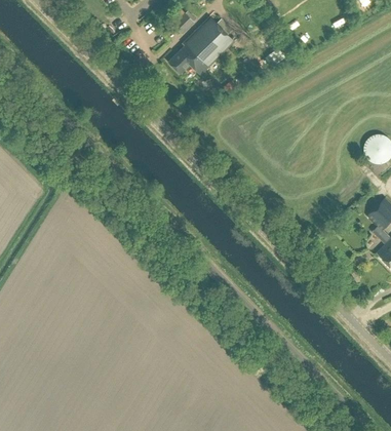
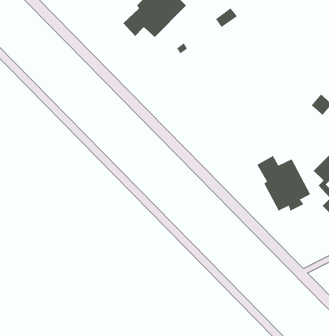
building: none -> [257,155,311,212]

